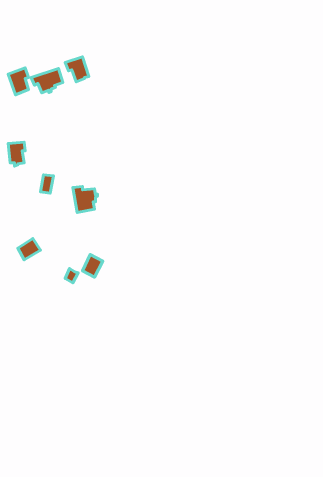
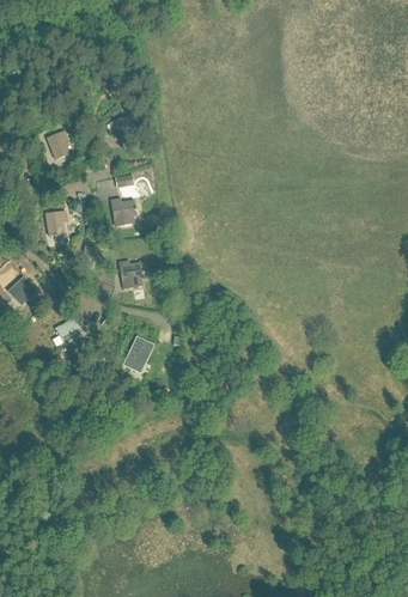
building: [31,68,63,93] -> none
building: none -> [111,199,138,225]

